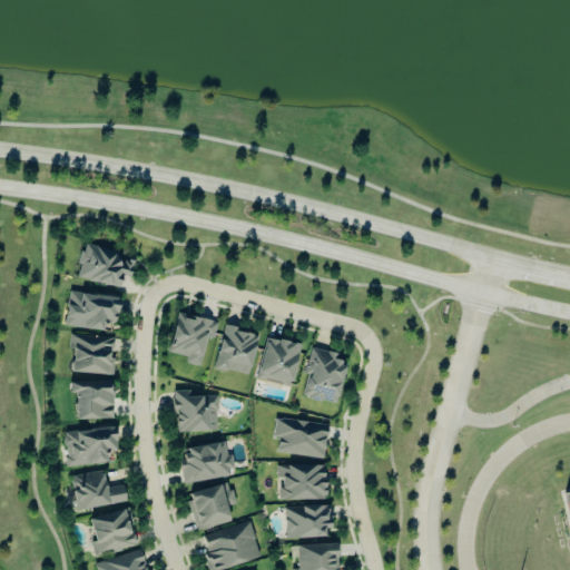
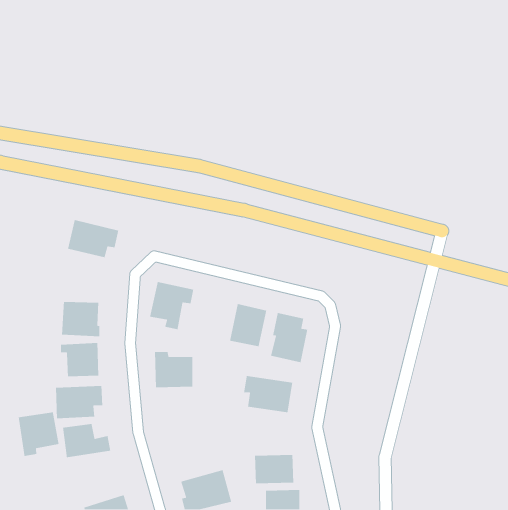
building: [66,291,120,331] -> none
building: [216,326,259,375] -> none
building: [180,442,235,484] -> none
building: none -> [18,411,59,457]
building: [278,465,326,500] -> none
building: [188,483,236,530] -> none
building: [90,510,136,557] -> none

